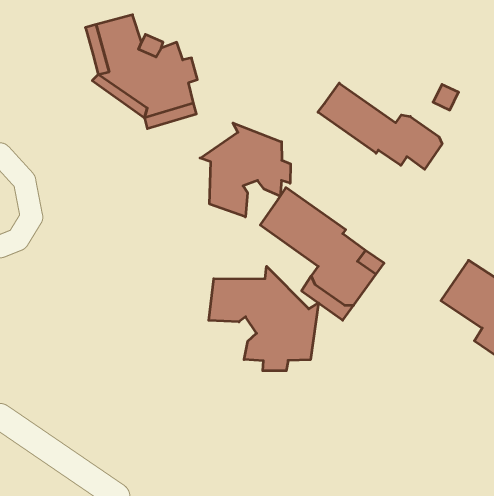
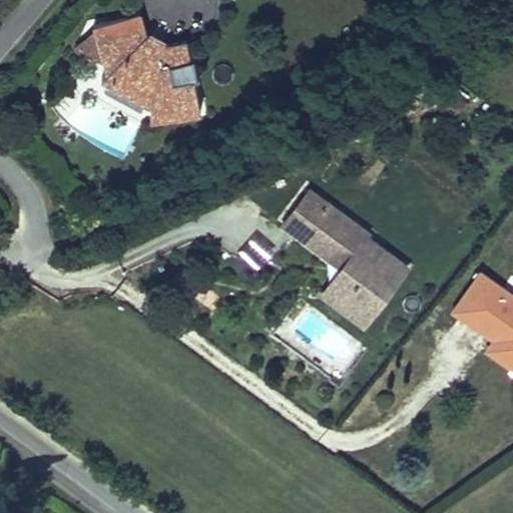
building: [318,83,442,169] -> none
building: [200,123,291,217] -> none
building: [209,266,319,371] -> none

